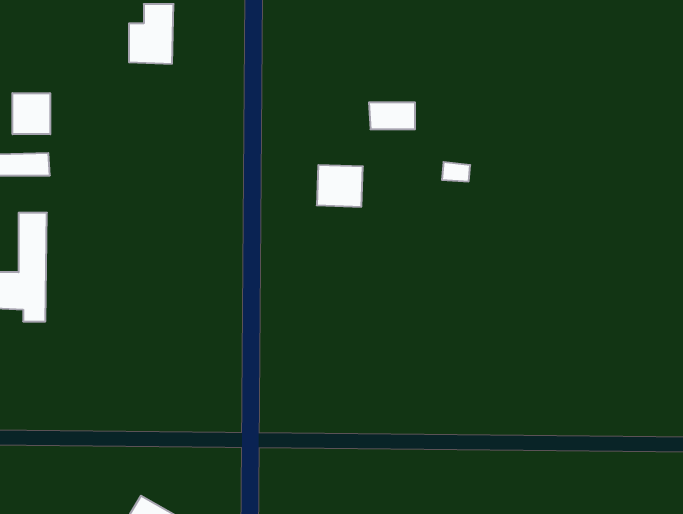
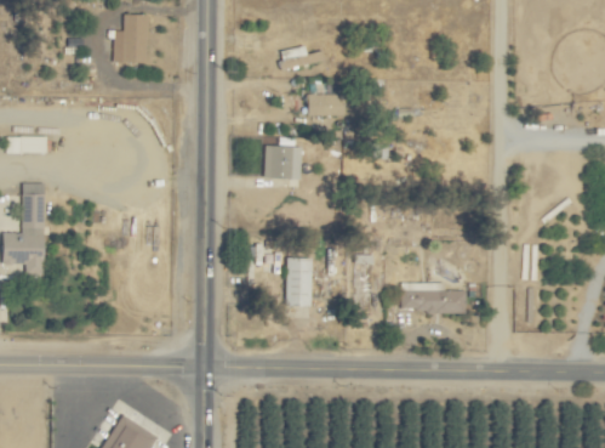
building: [12,93,50,134] -> none
building: none -> [286,259,312,306]
building: none -> [401,283,466,313]

